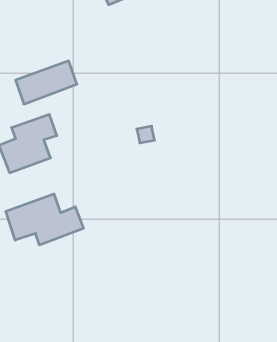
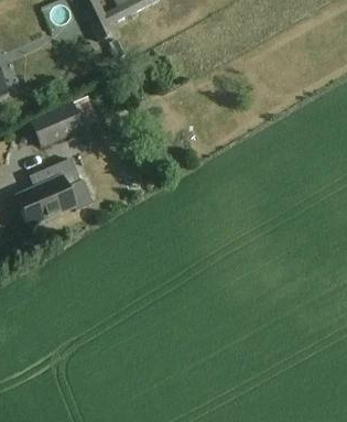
building: [6,194,83,245] -> none

